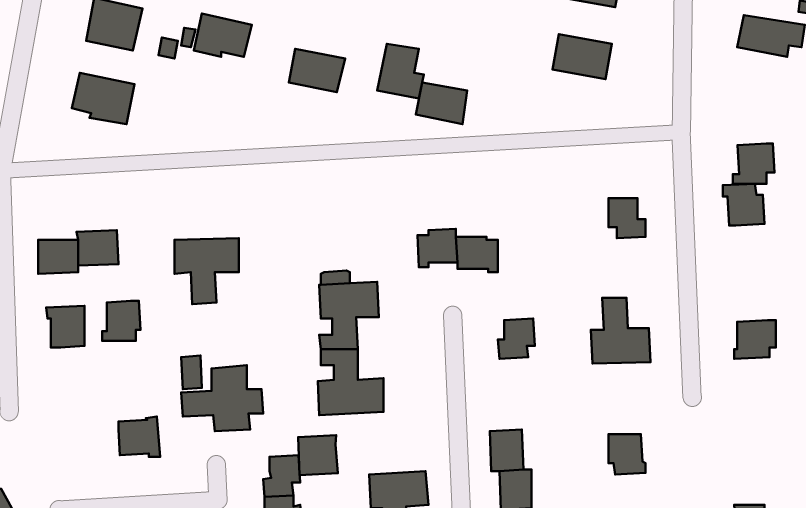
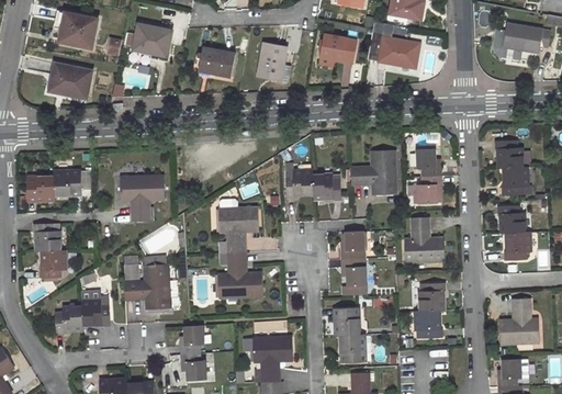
building: [416,82,467,124] -> [321,34,356,63]
building: [733,144,775,184] -> [499,167,528,194]
building: none -> [350,149,396,195]
building: none -> [417,176,441,203]
building: none -> [496,204,525,234]
building: [102,301,141,341] -> [38,250,65,278]
building: none -> [341,258,367,294]
building: none -> [420,283,446,311]
building: none -> [499,299,539,344]
building: none -> [55,307,83,335]
building: [298,435,338,475] -> none

